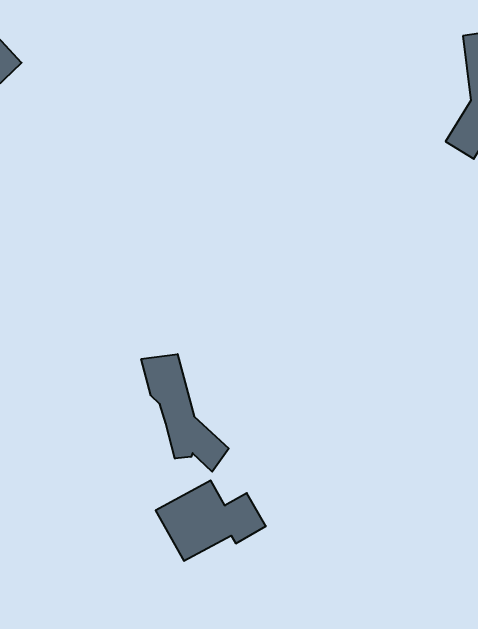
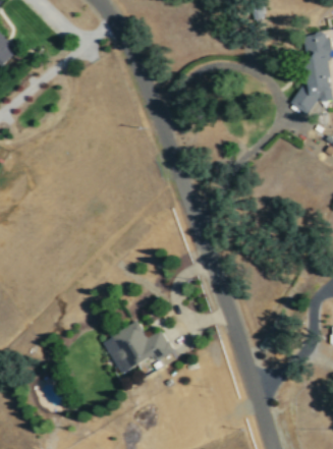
building: [141,354,229,472] -> none

